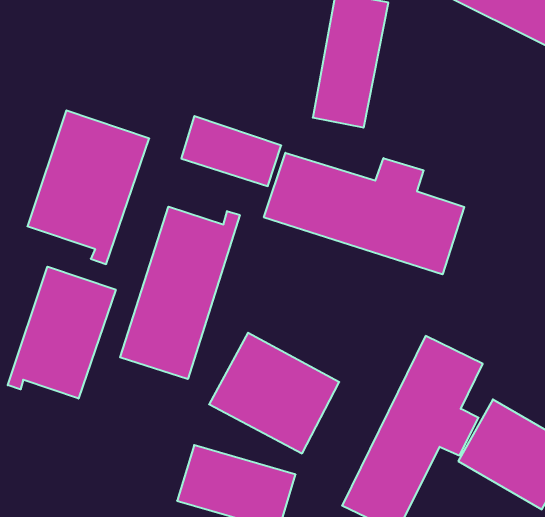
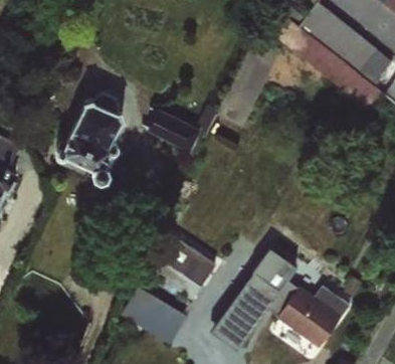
building: [264,153,464,274] -> none
building: [120,207,240,379] -> none
building: [8,267,116,399] -> none

